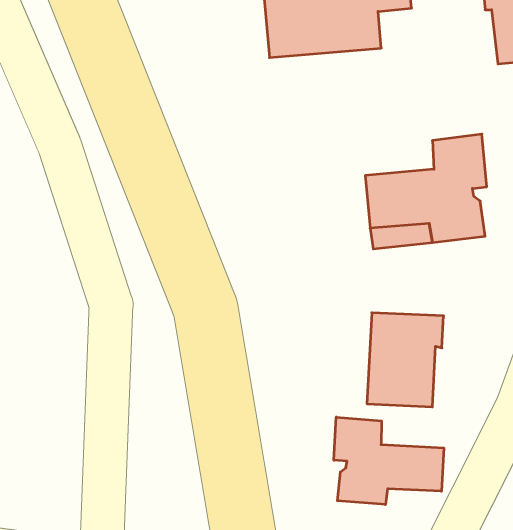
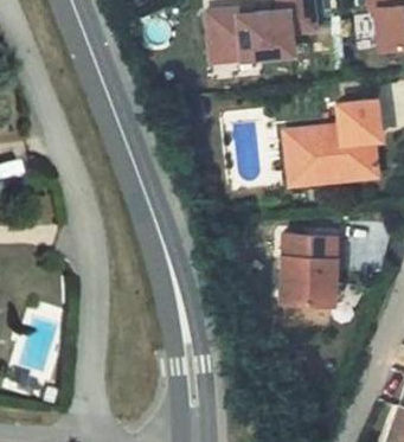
building: [334,417,444,505] -> none

